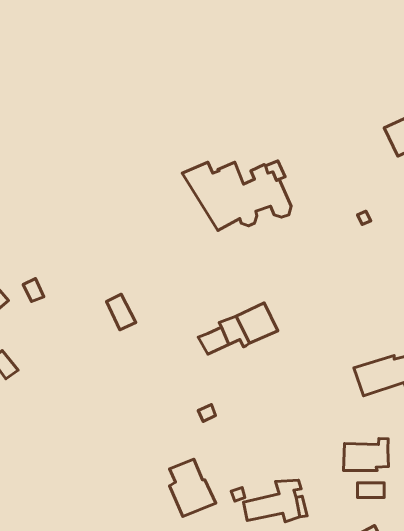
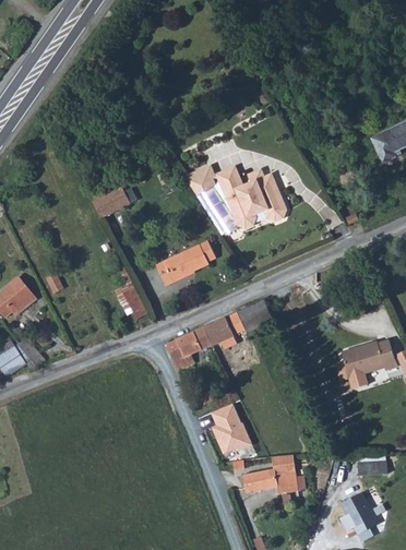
building: none -> [89,187,129,218]
building: none -> [154,240,215,285]
building: none -> [168,326,213,368]
building: [343,439,388,470] -> none
building: [169,459,216,517] -> [210,406,251,457]

